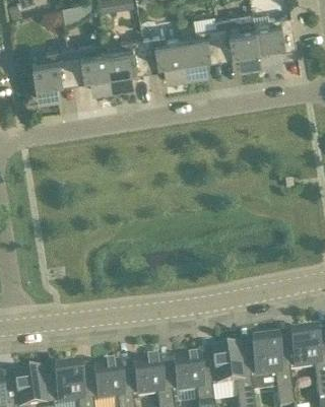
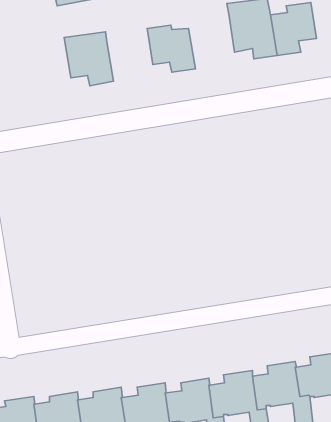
building: [181,30,222,78] -> none
building: [107,42,148,89] -> none
building: [31,50,74,101] -> none

